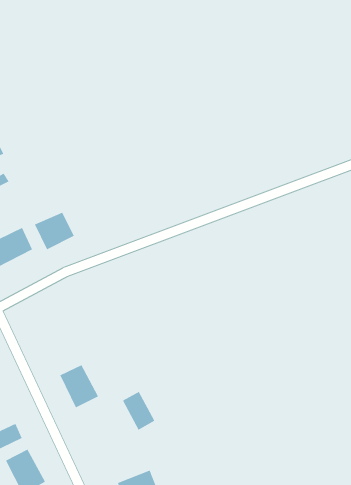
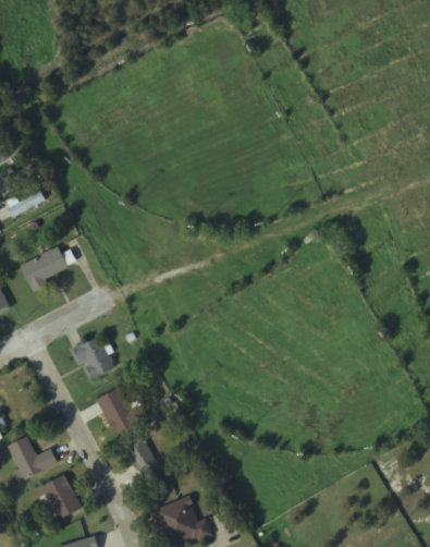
building: [34,212,75,250] -> none
building: none -> [71,336,114,381]
building: [122,391,155,430] -> [123,435,157,475]

